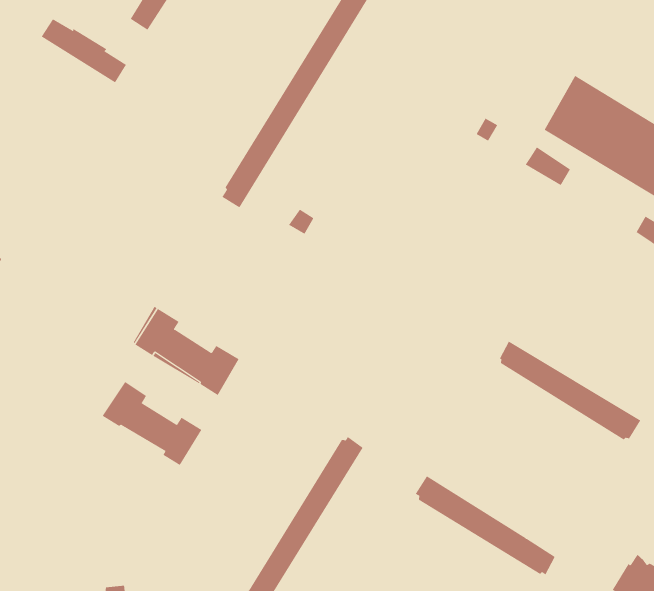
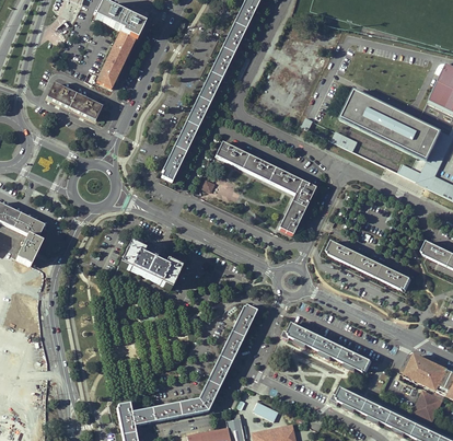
building: none -> [214,142,315,234]
building: [102,381,202,466] -> none

